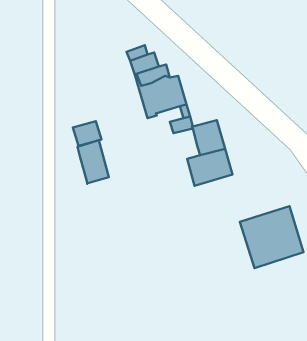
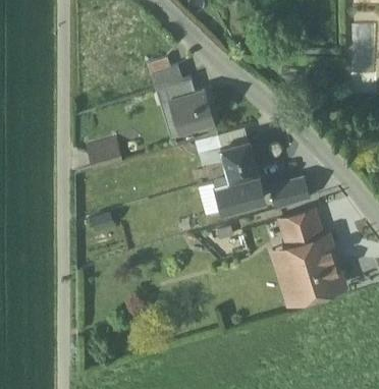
building: [77,140,109,184] -> none
building: none -> [269,175,311,209]
building: none -> [281,211,322,246]

